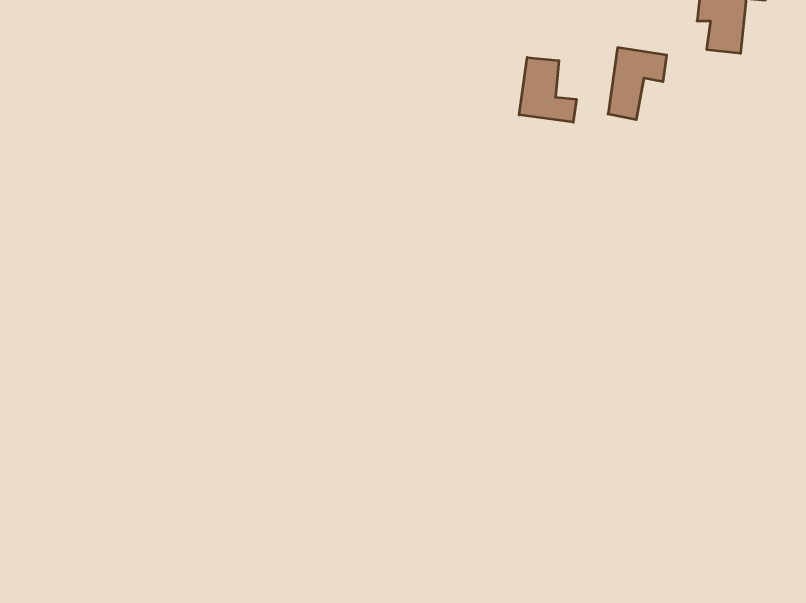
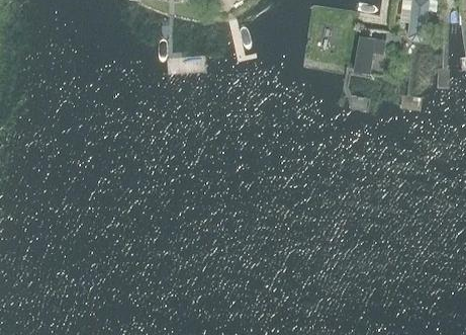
building: [519,57,576,122] -> none

